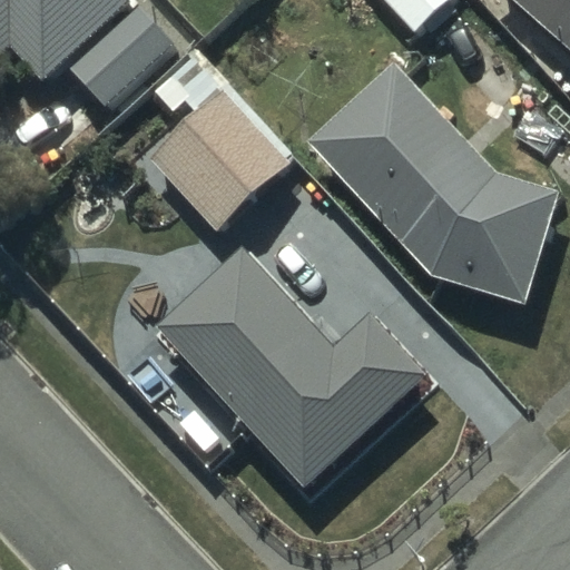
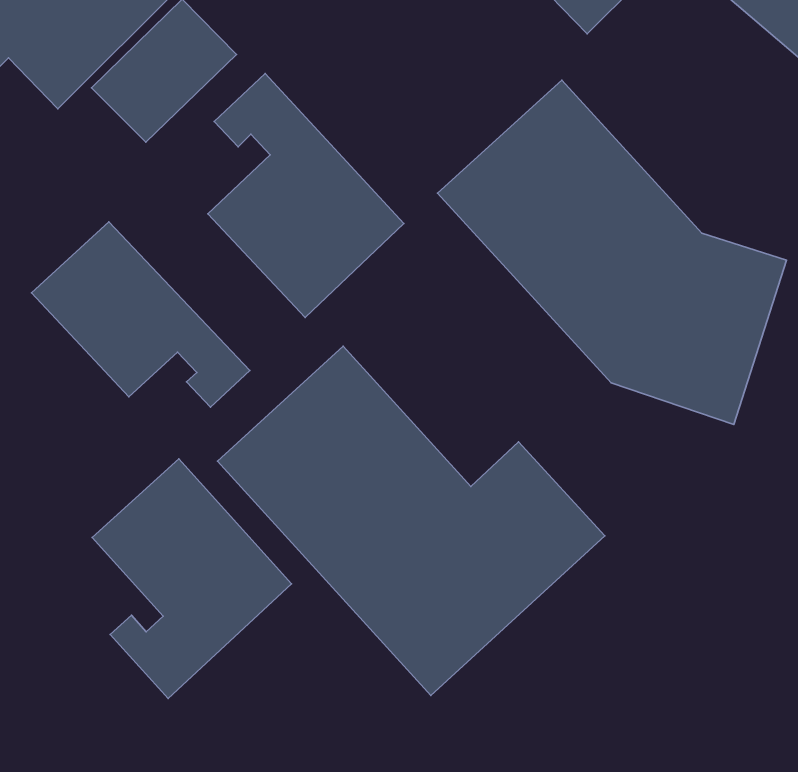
building: none -> [32,222,250,407]
building: none -> [92,459,292,698]

